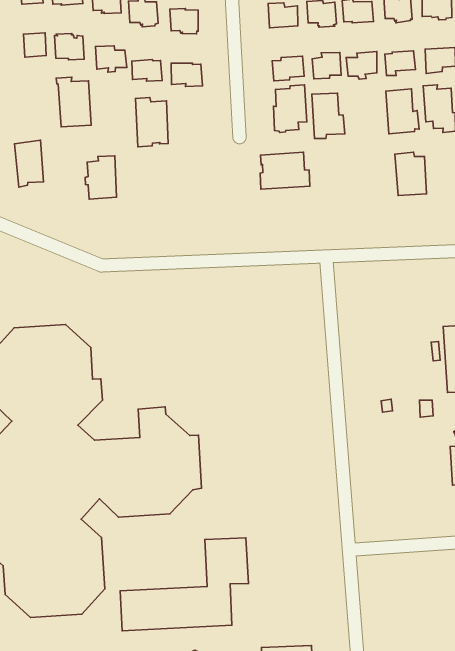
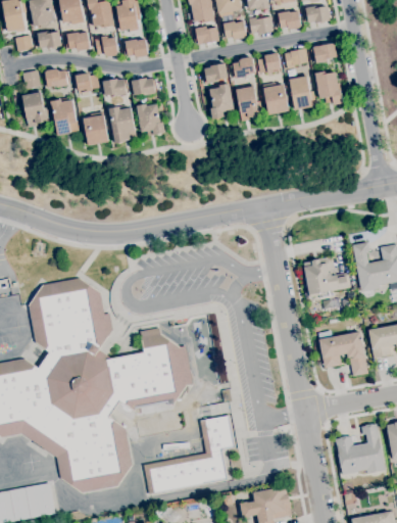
building: none -> [137,104,165,136]
building: [14,140,44,187] -> [22,91,47,127]
building: [260,152,310,189] -> none
building: [395,152,427,196] -> [262,82,289,114]
building: [85,156,116,199] -> [84,111,108,145]
building: none -> [303,256,351,297]
building: none -> [318,331,367,376]
building: none -> [336,424,385,475]

